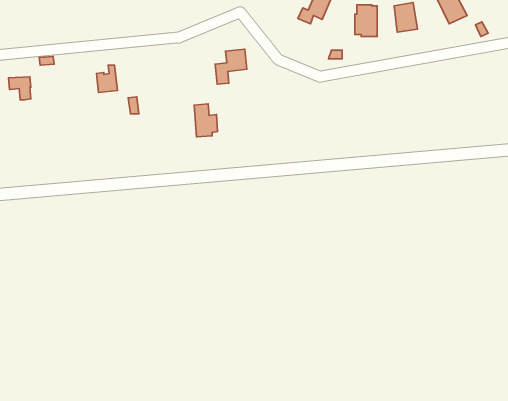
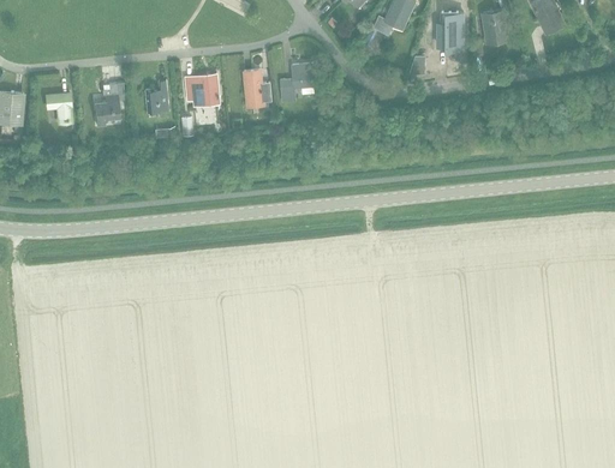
building: none -> [187,74,219,107]
building: none -> [94,83,120,126]
building: [194,104,218,137] -> [245,70,271,107]

